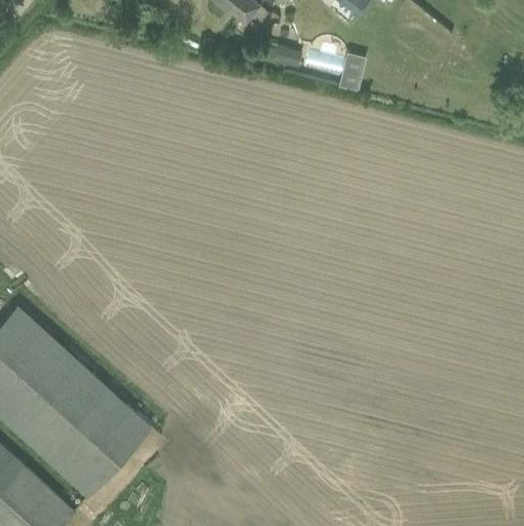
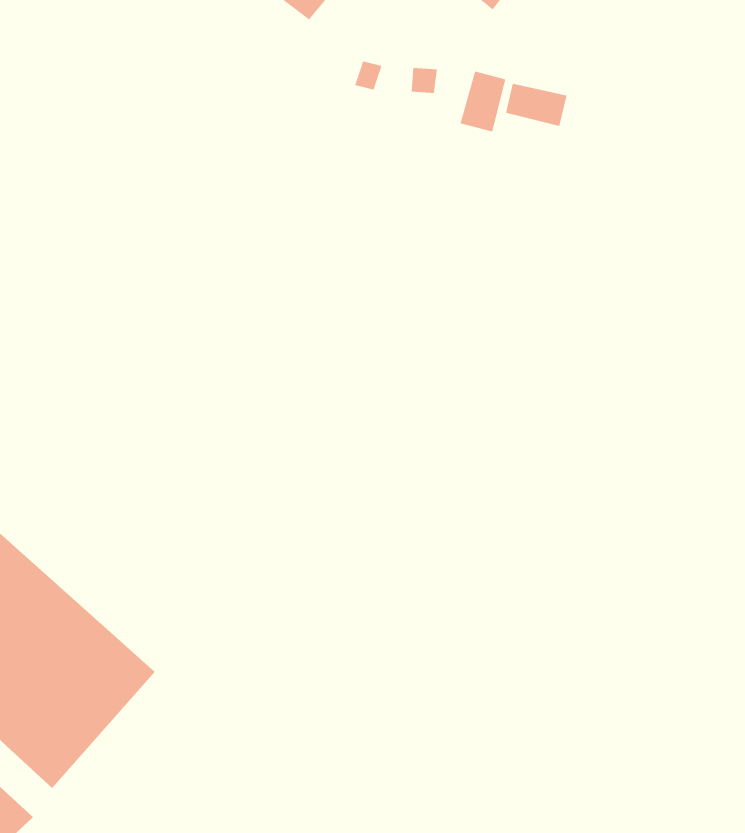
building: none -> [505,83,568,127]

